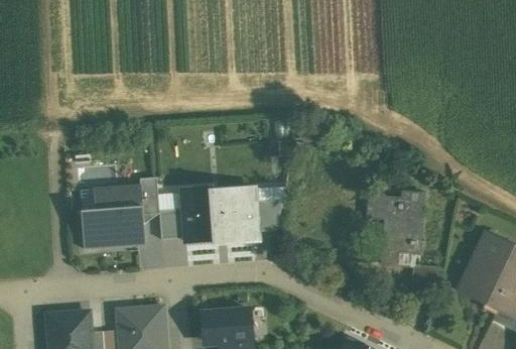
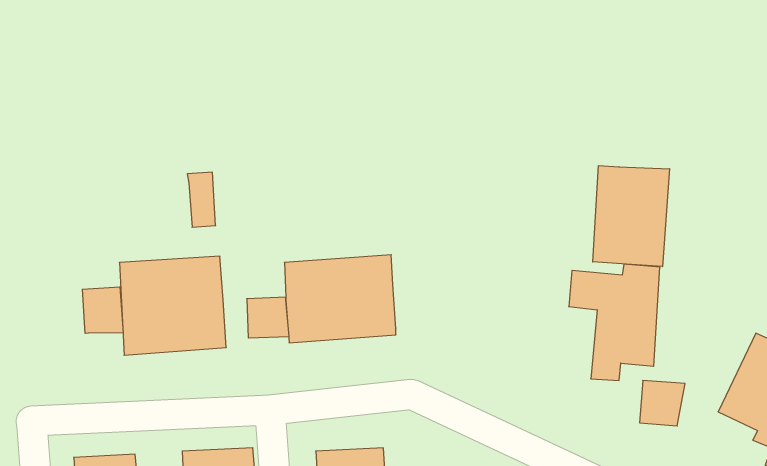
building: none -> [593,166,670,267]
building: [141,179,159,214] -> [187,172,216,227]
building: [253,202,282,232] -> none
building: none -> [82,287,123,333]

